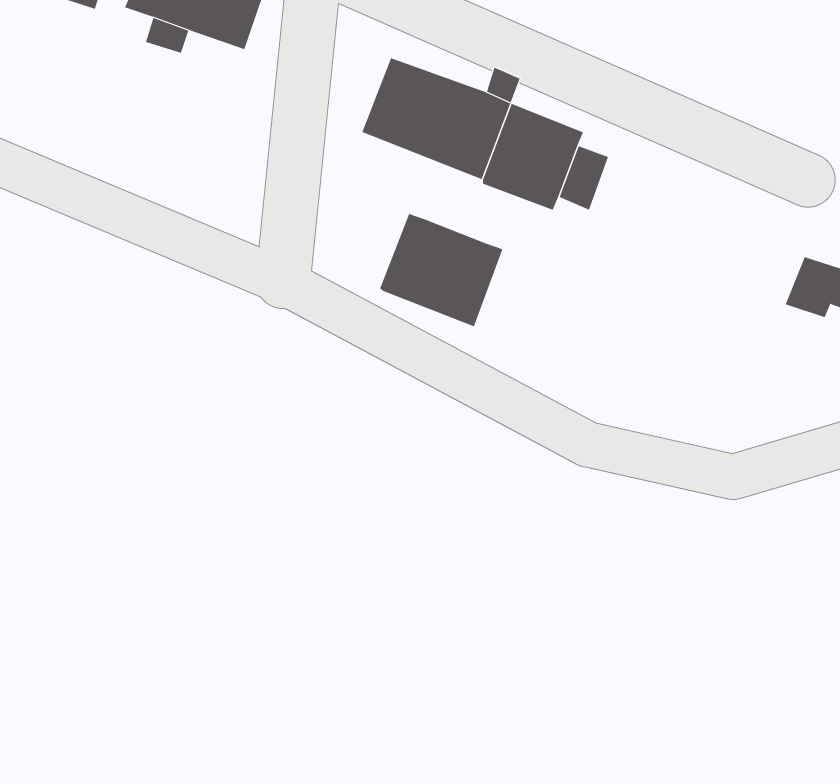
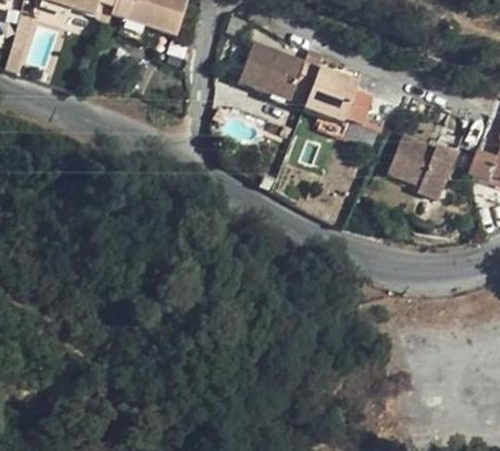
building: [379,213,503,327] -> none
building: none -> [388,135,457,200]

